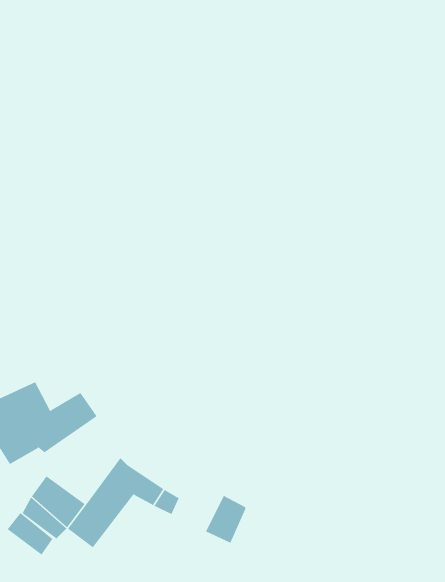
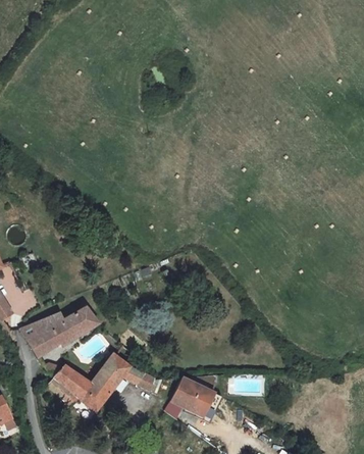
building: none -> [188,386,215,415]
building: [7,512,53,556] -> none

